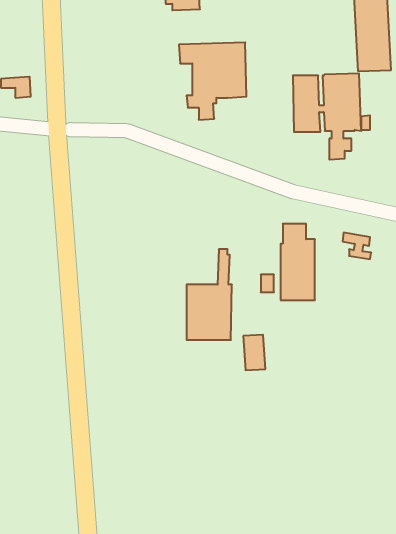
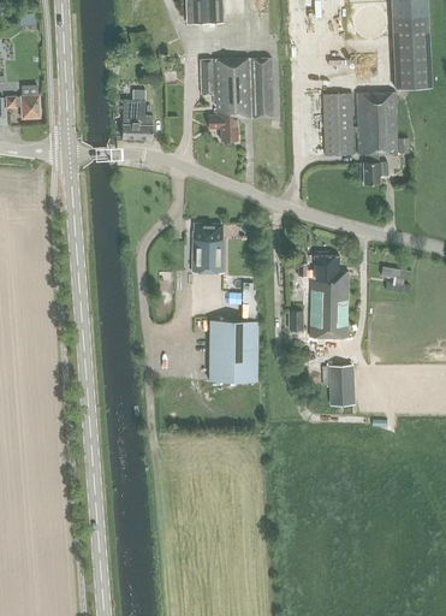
building: none -> [121,90,154,140]
building: none -> [191,225,224,273]
building: [243,335,265,370] -> [329,366,353,404]

